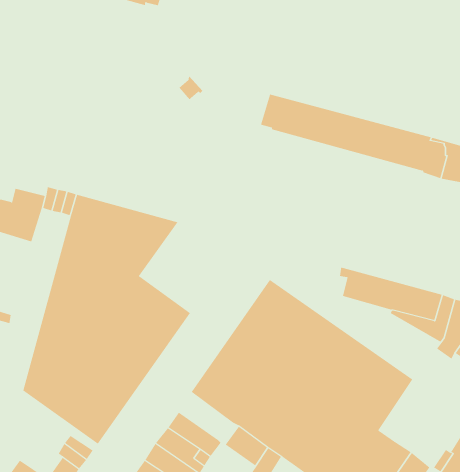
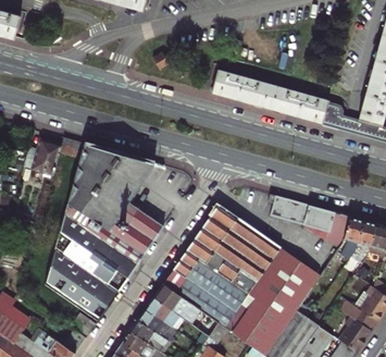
building: none -> [154,281,192,315]

